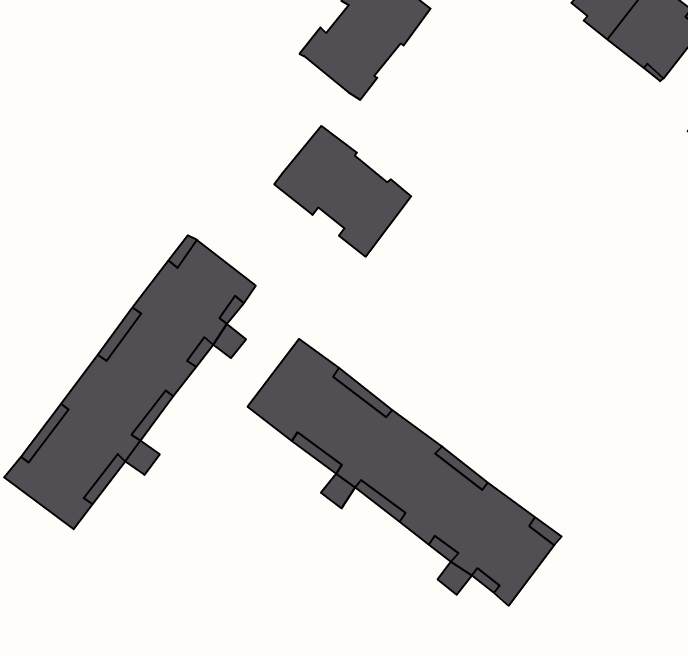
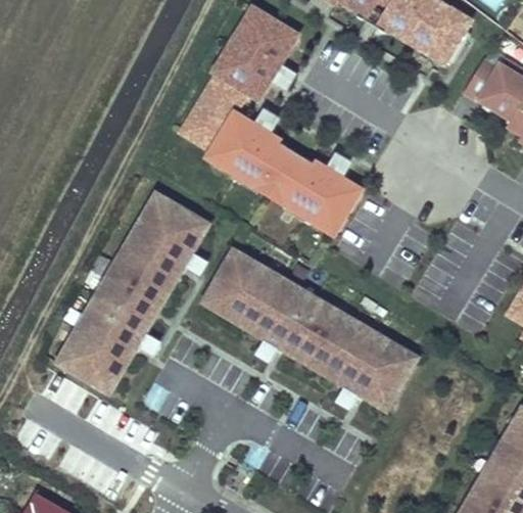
building: none -> [182,73,247,149]
building: none -> [271,153,359,233]

